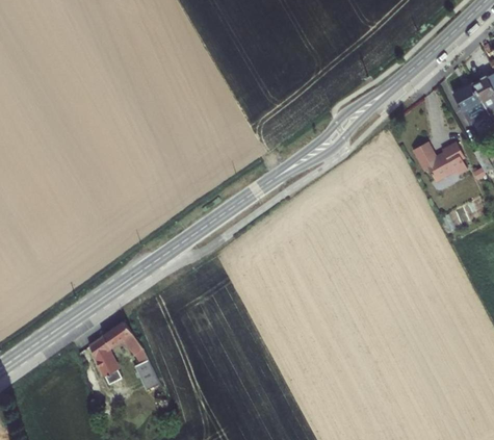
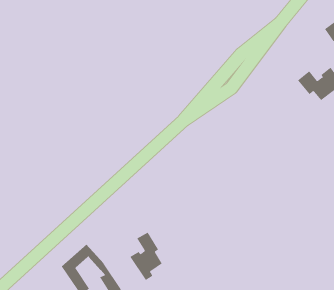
building: none -> [129,232,163,281]

